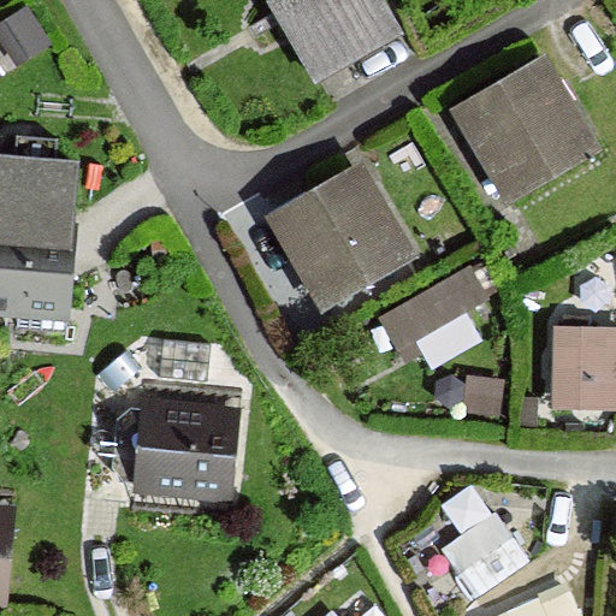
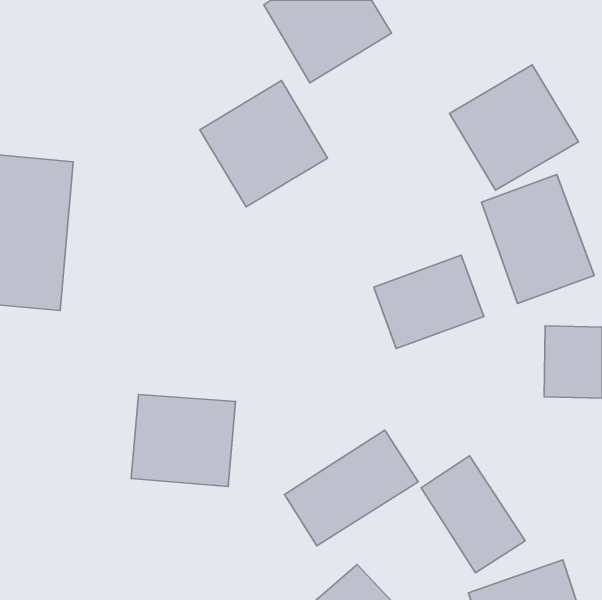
building: [279,177,409,306] -> [200,80,328,207]
building: none -> [481,175,594,304]
building: none -> [285,430,418,546]

